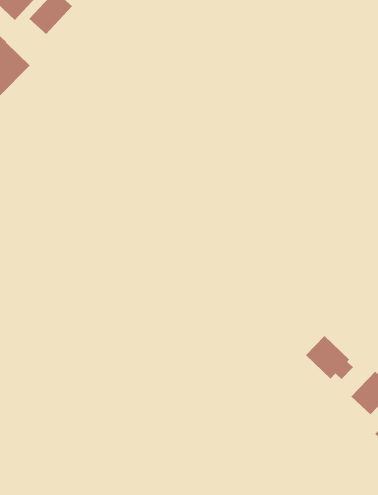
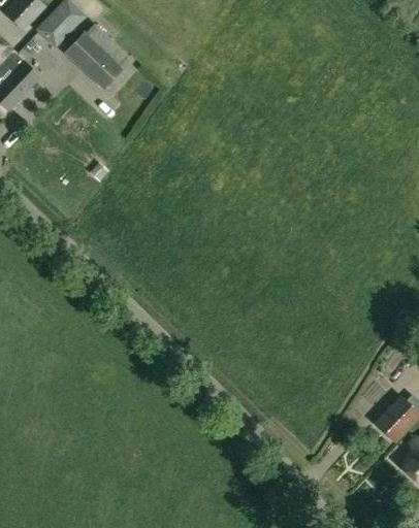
building: none -> [64,32,121,89]
building: [305,335,354,380] -> none

